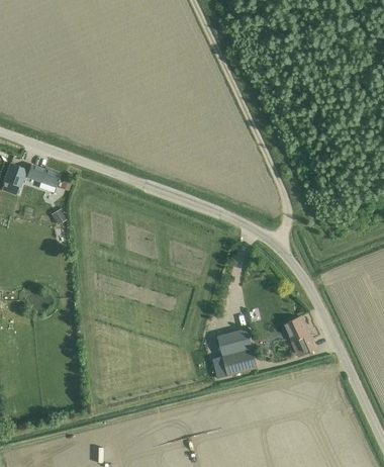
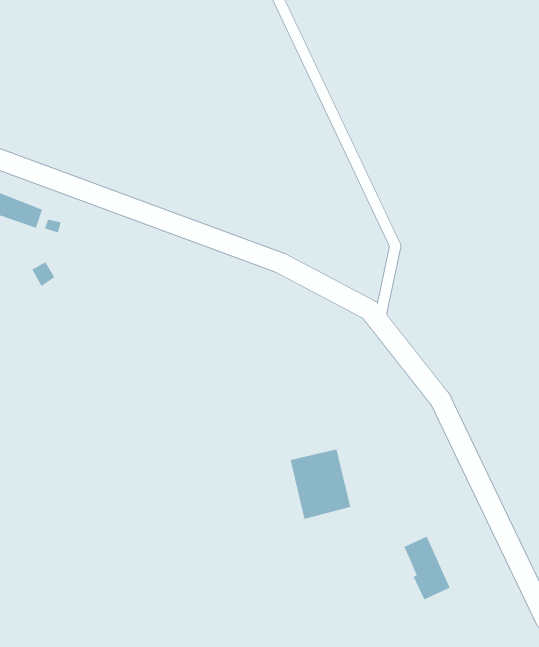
building: [284,315,314,357] -> [403,536,451,600]

